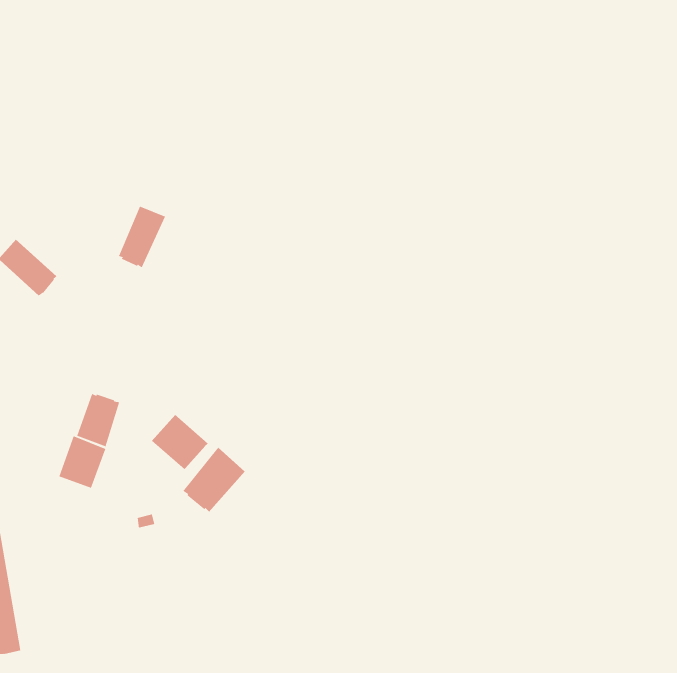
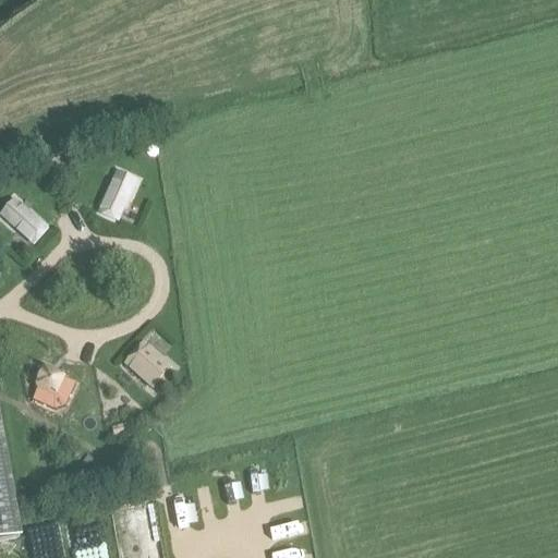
building: [76,393,120,447] -> none
building: [182,447,245,512] -> none

